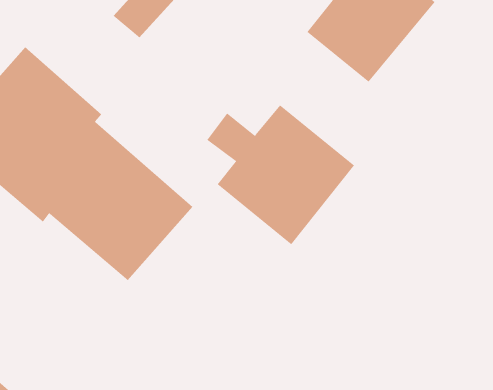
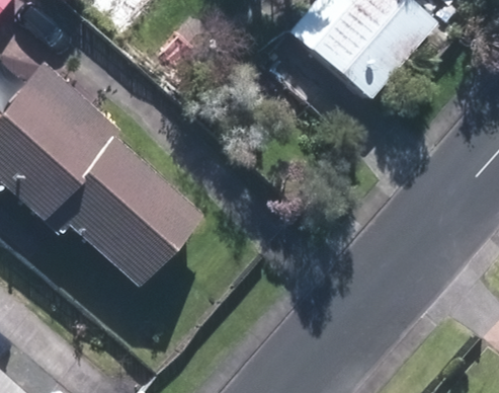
building: [207,104,355,245] -> none

